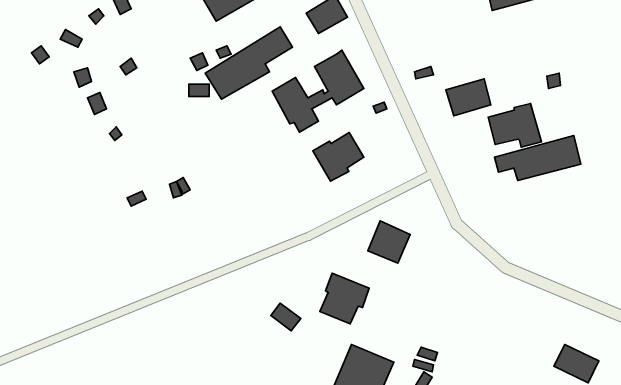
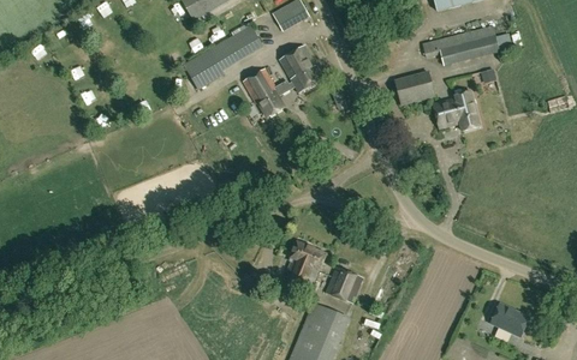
building: [313,132,364,181] -> none
building: [495,135,581,181] -> [423,25,499,65]
building: [368,221,410,263] -> [326,266,363,304]

